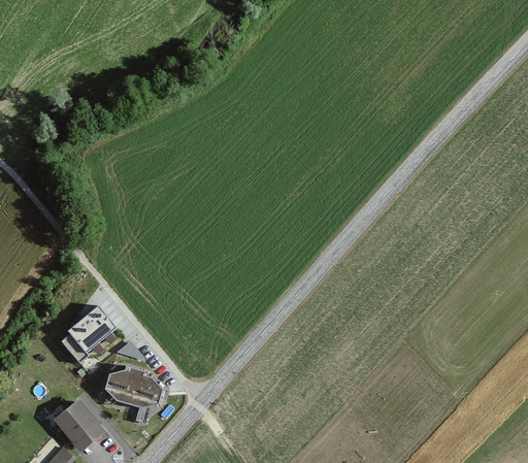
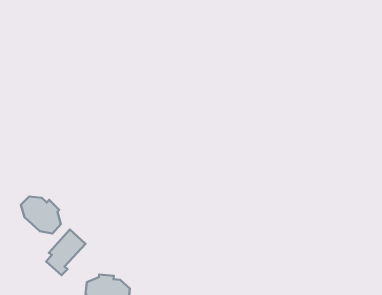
building: none -> [21,197,61,234]

